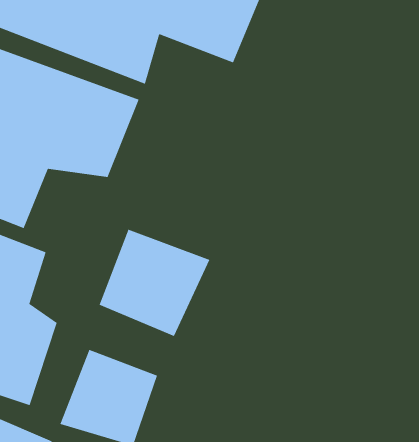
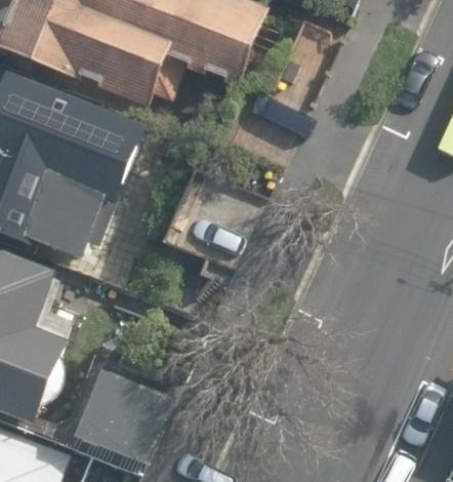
building: [99,229,210,337] -> none

